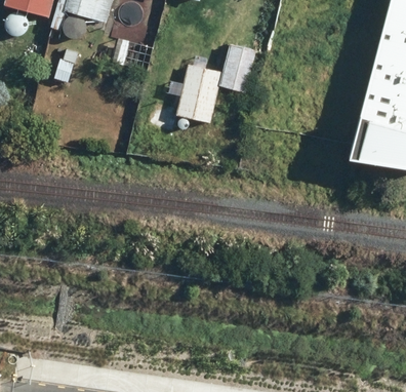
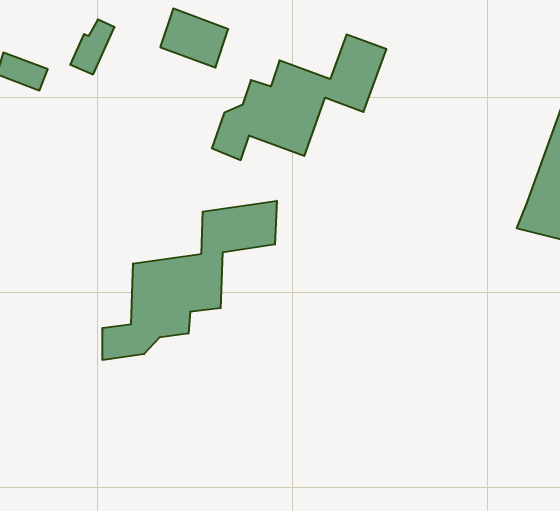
building: none -> [102,201,277,360]

